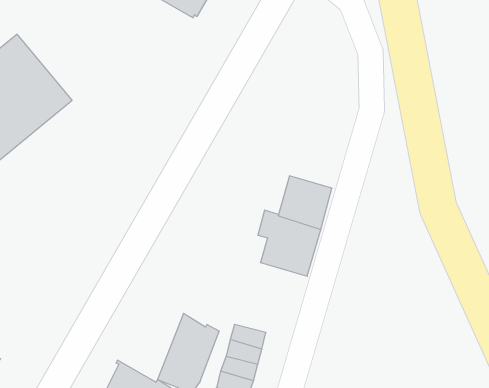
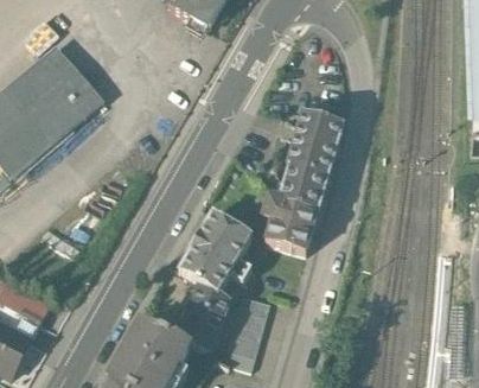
building: none -> [288,112,343,177]
building: none -> [180,216,253,297]

